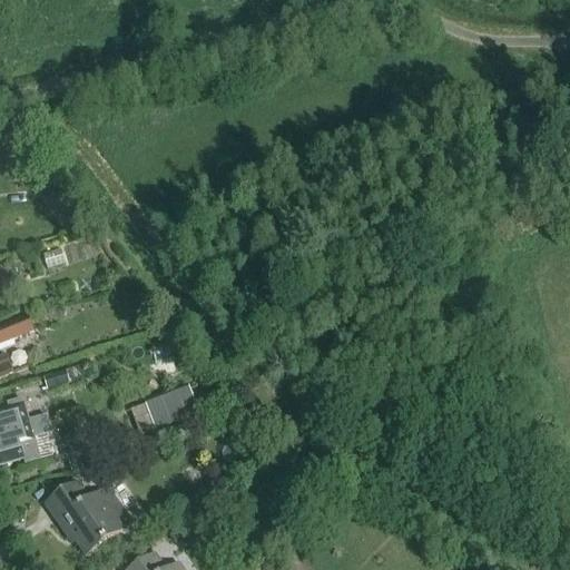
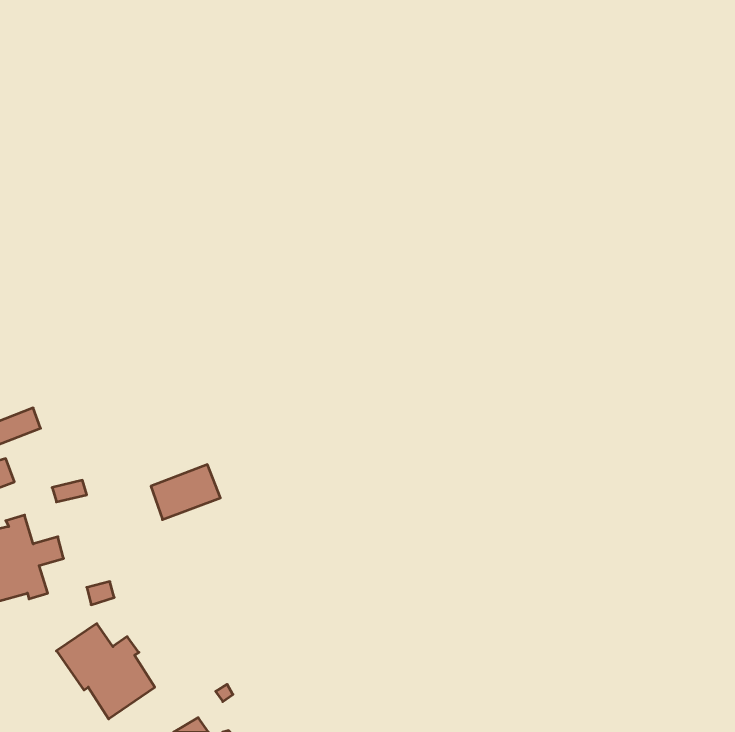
building: [142,385,196,428] -> [151,465,220,520]

